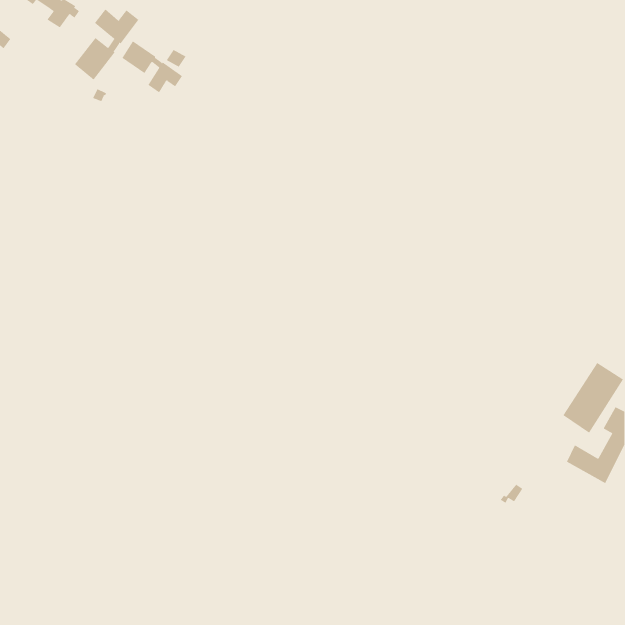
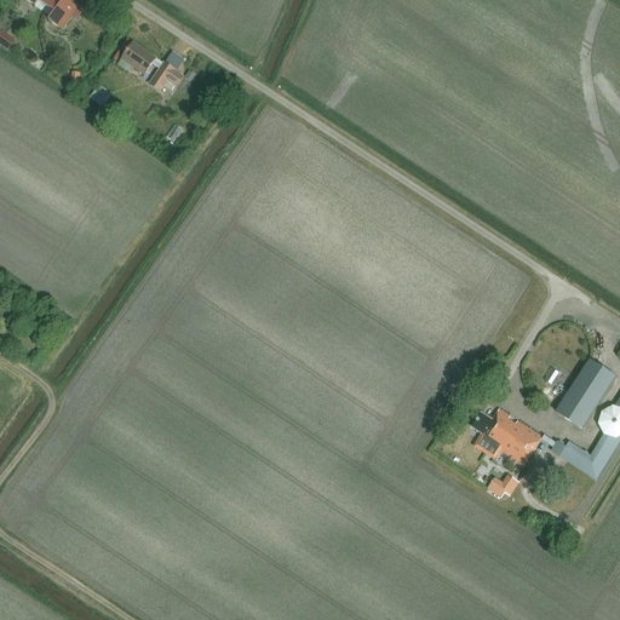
building: [74,8,139,81] -> none
building: none -> [471,408,541,467]

